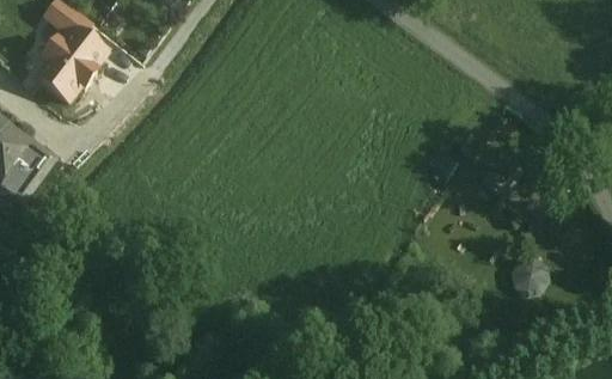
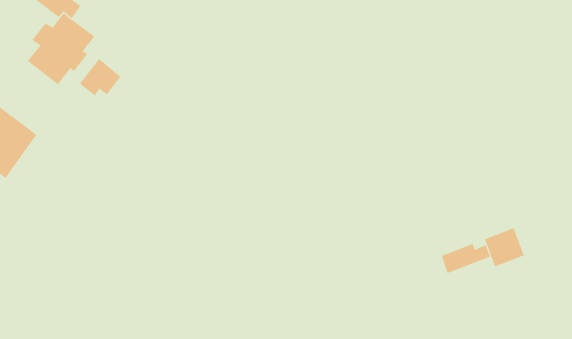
building: none -> [79,58,121,96]
building: none -> [441,243,491,274]

